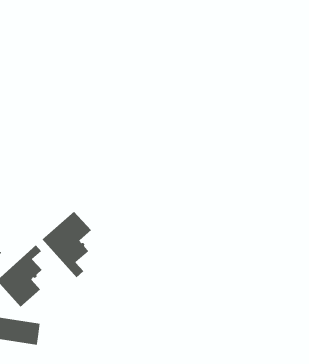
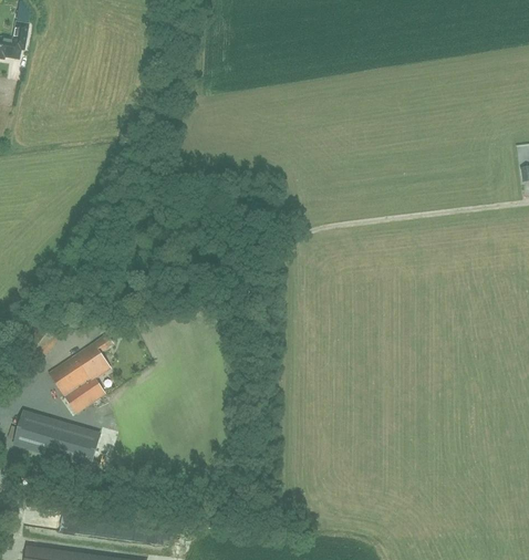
building: [41,211,92,278] -> none

